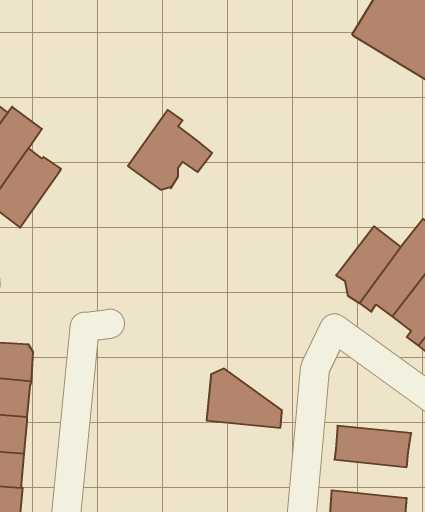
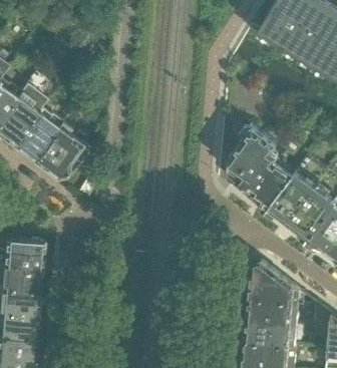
building: [128,110,212,190] -> [34,124,91,178]
building: none -> [230,127,279,192]
building: [207,369,282,428] -> [250,262,301,302]
building: none -> [246,320,297,346]

